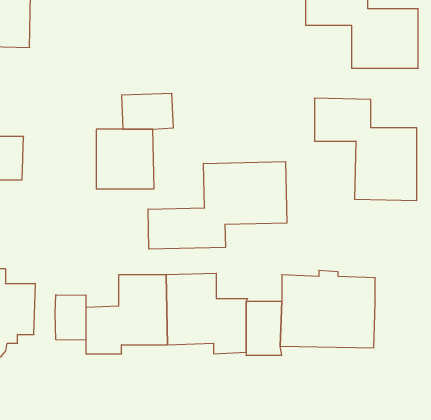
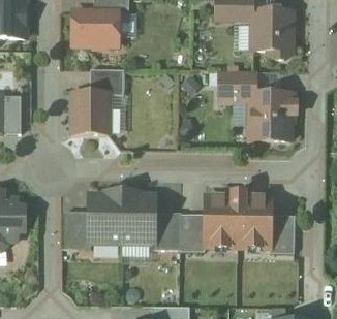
building: none -> [70,8,123,49]
building: [148,162,287,249] -> none
building: [55,295,86,340] -> none
building: none -> [265,214,289,251]

